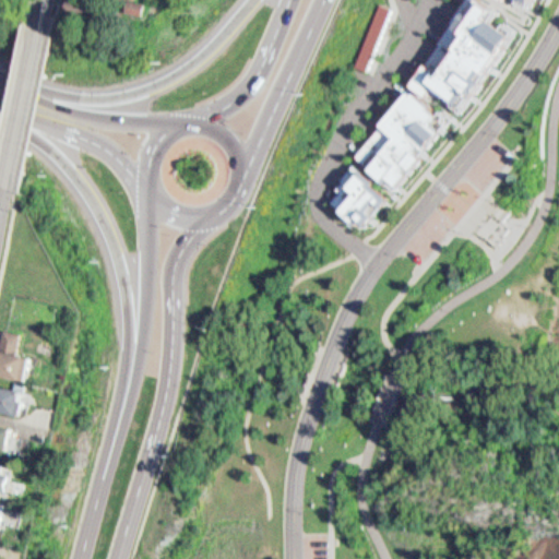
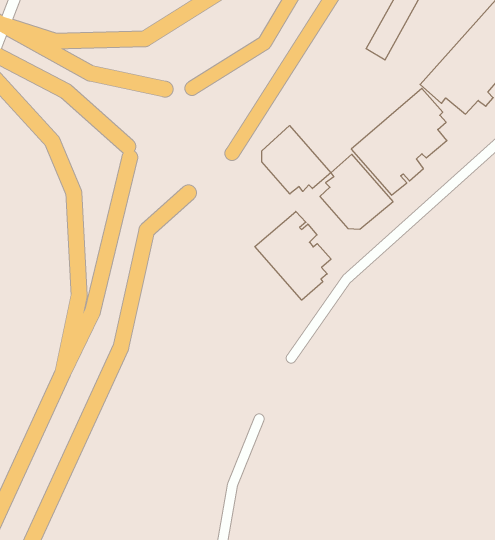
building: none -> [262,126,331,194]
building: none -> [255,211,331,300]

